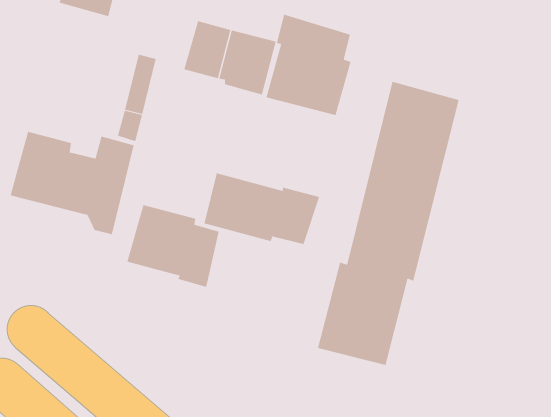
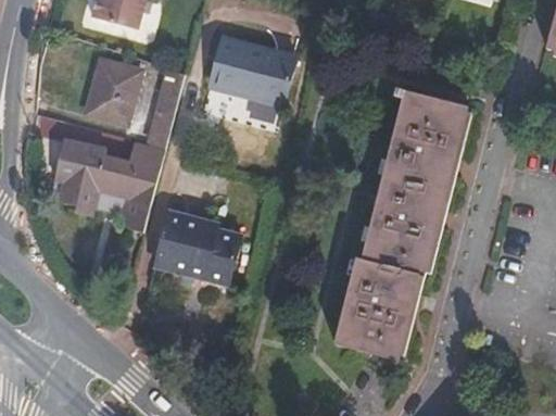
building: [266,14,351,116] -> none
building: none -> [86,61,138,123]
building: [204,173,320,245] -> none

